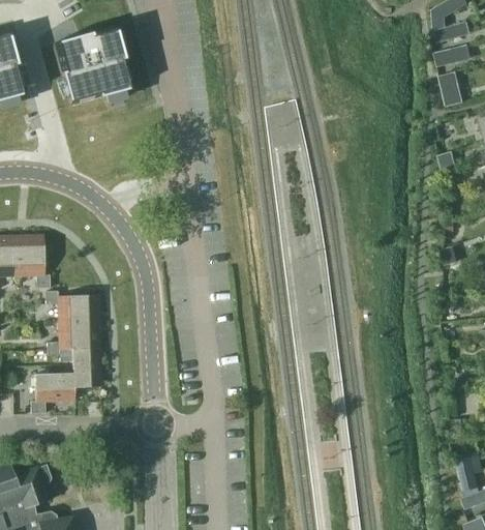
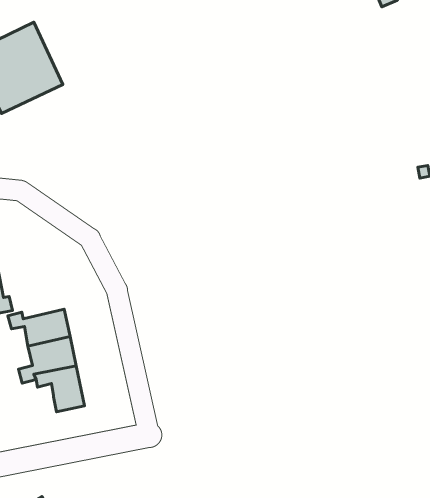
building: [438,71,463,107] -> none
building: [29,374,73,415] -> none

